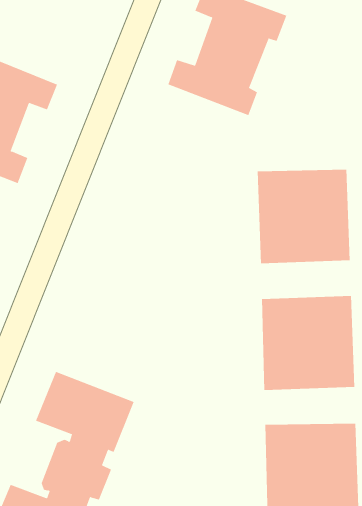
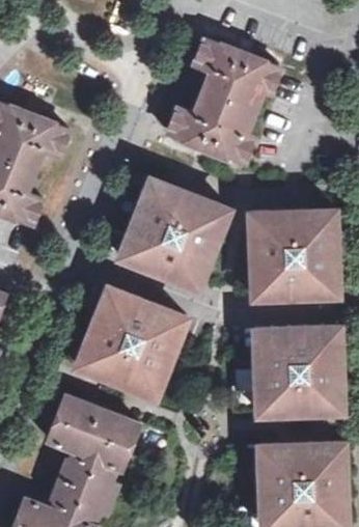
building: none -> [119,177,229,288]
building: none -> [77,286,186,396]

